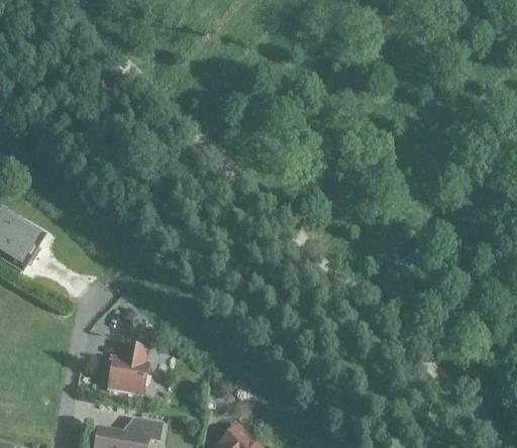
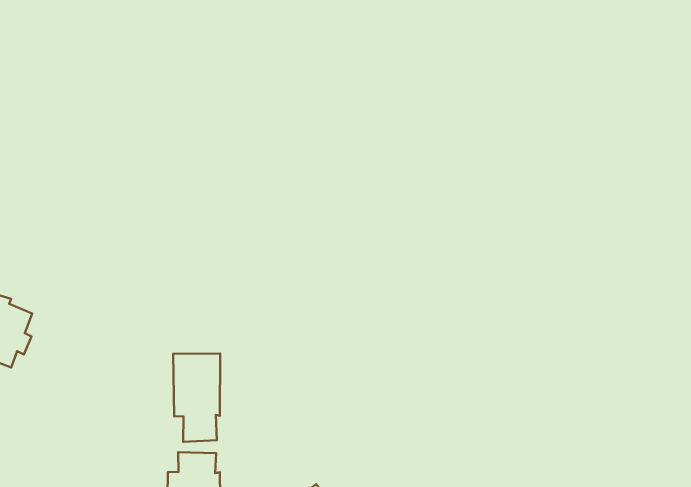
building: none -> [173,354,220,442]

